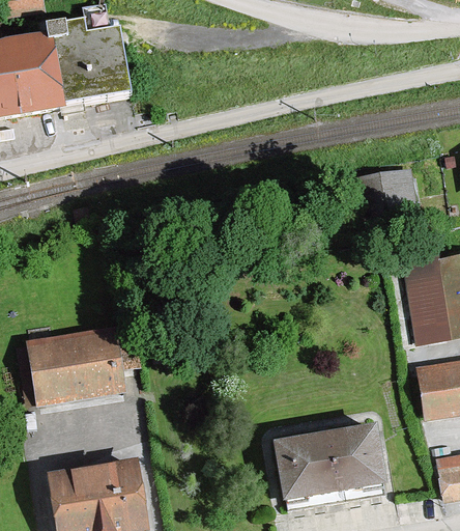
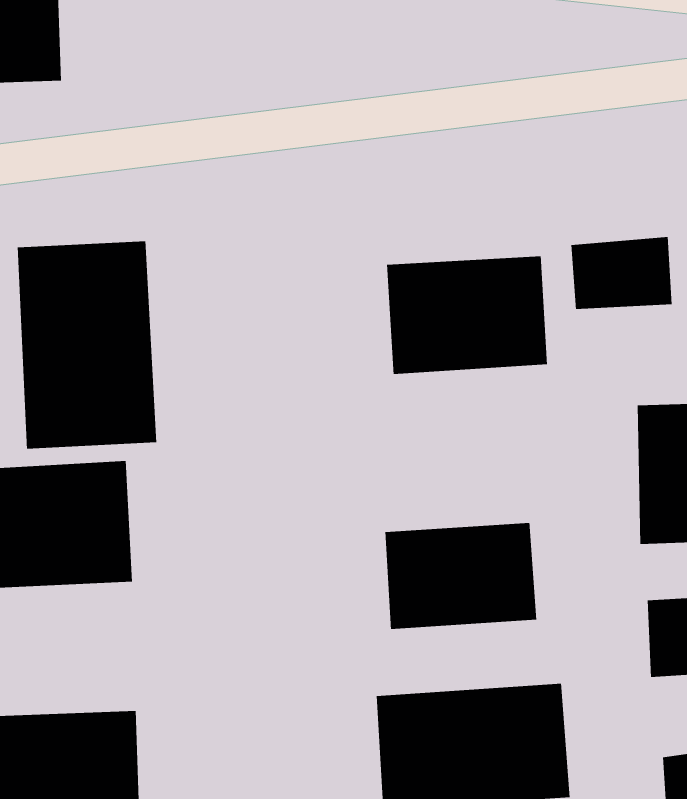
building: none -> [386,255,547,375]
building: none -> [17,241,157,449]
building: none -> [385,522,537,630]

